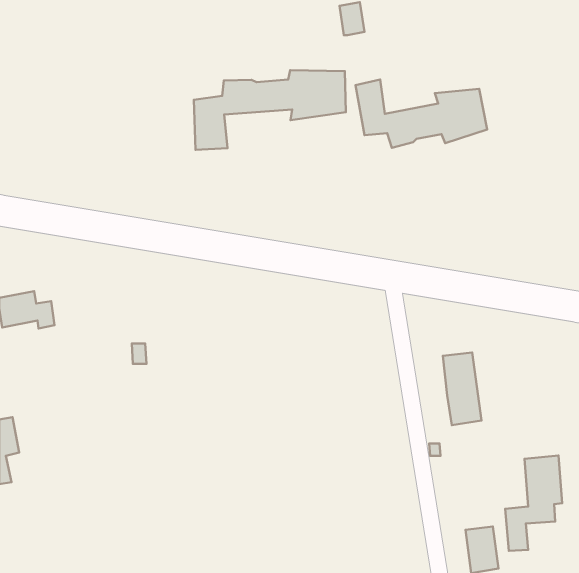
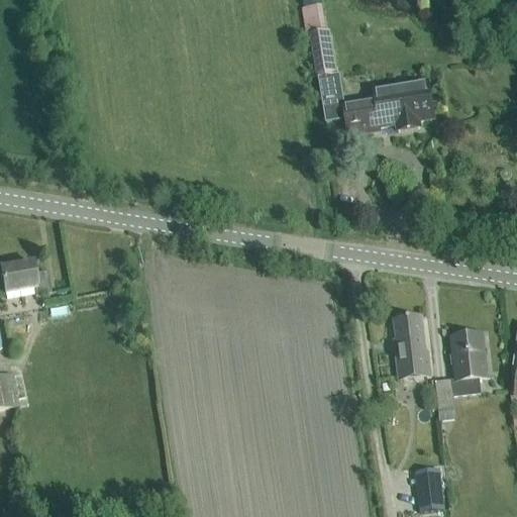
building: none -> [309,28,334,70]
building: [194,70,346,150] -> none
building: [505,455,562,551] -> [434,332,485,417]

